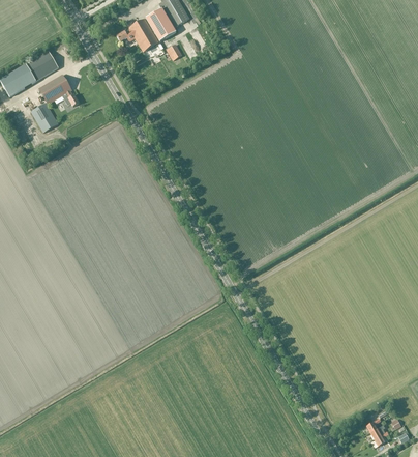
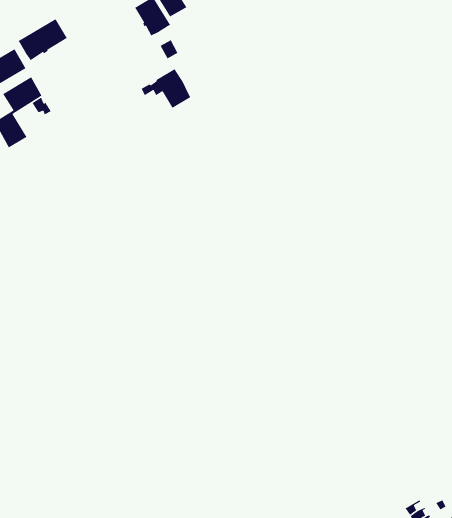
building: [117,19,158,52] -> [141,68,191,109]
building: none -> [18,18,68,61]

